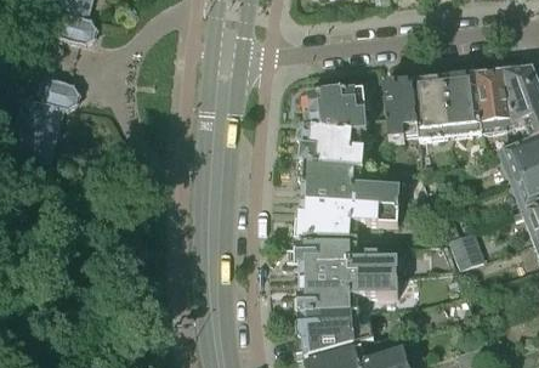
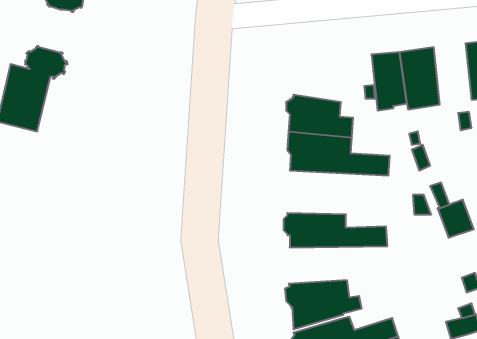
building: [446,72,483,132] -> none
building: [305,85,368,130] -> none
building: [296,198,401,236] -> none
building: [296,273,399,311] -> none

